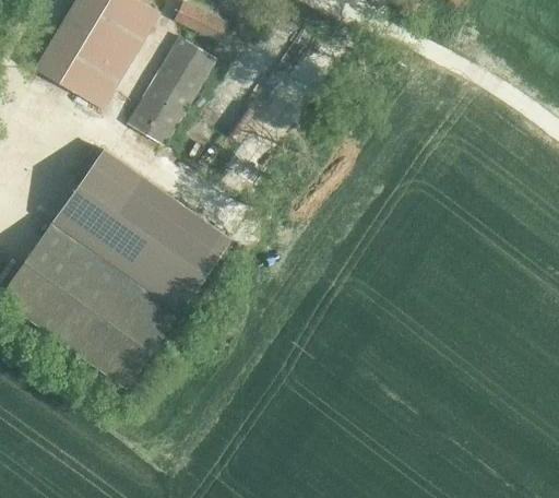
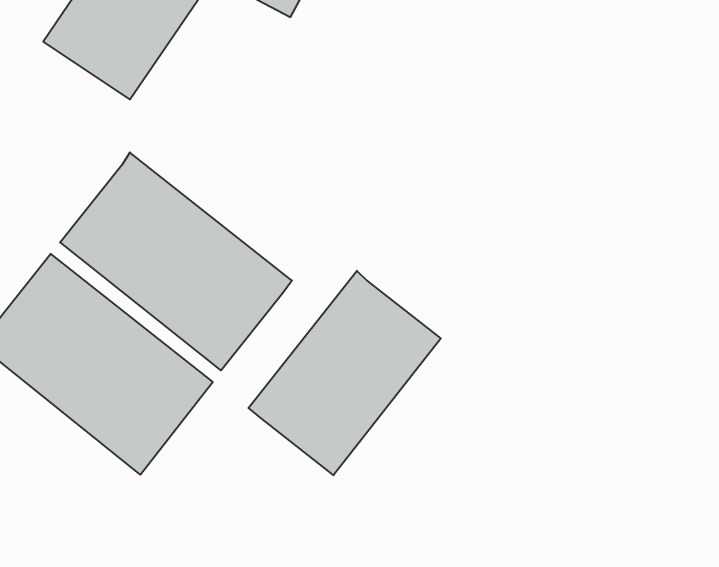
building: [128,37,215,146] -> none
building: none -> [248,271,441,475]

